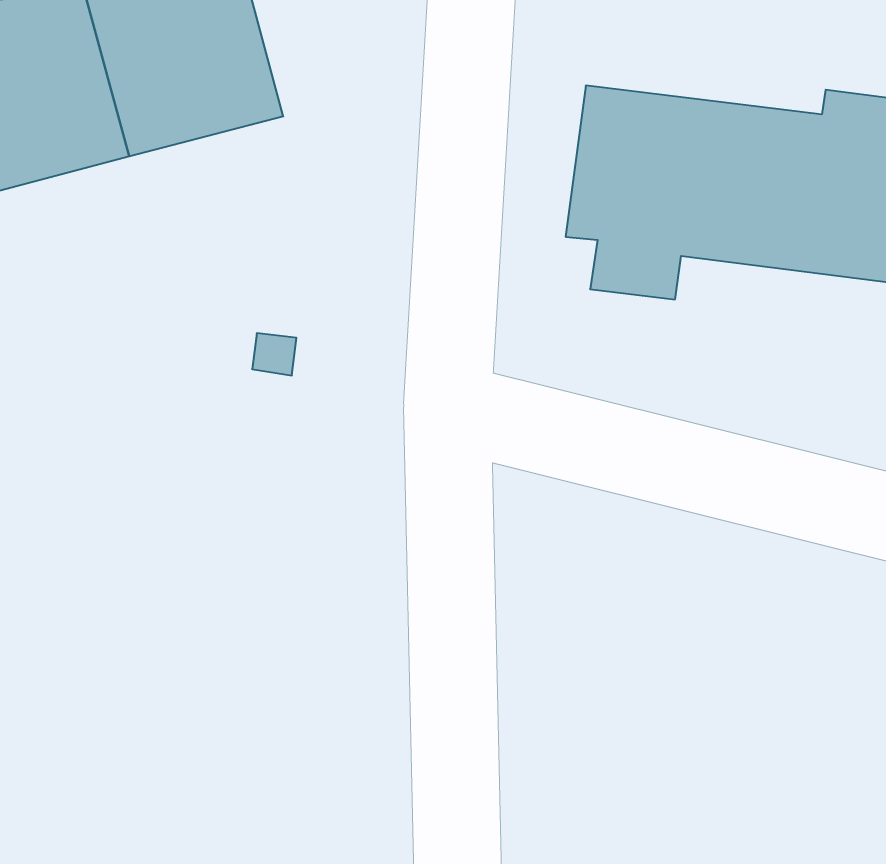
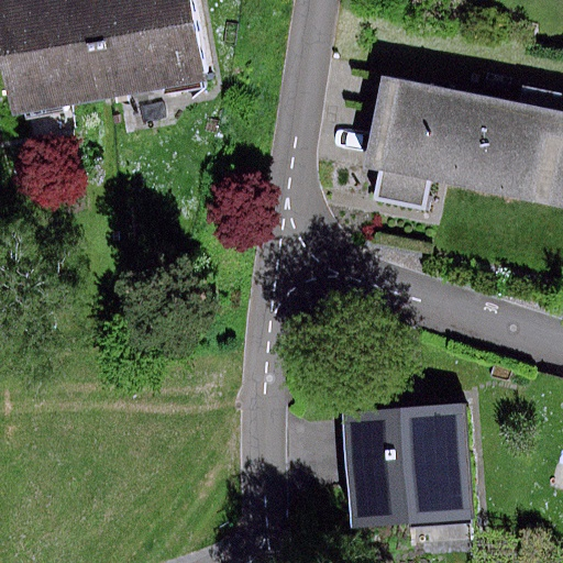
building: none -> [343,406,471,526]

